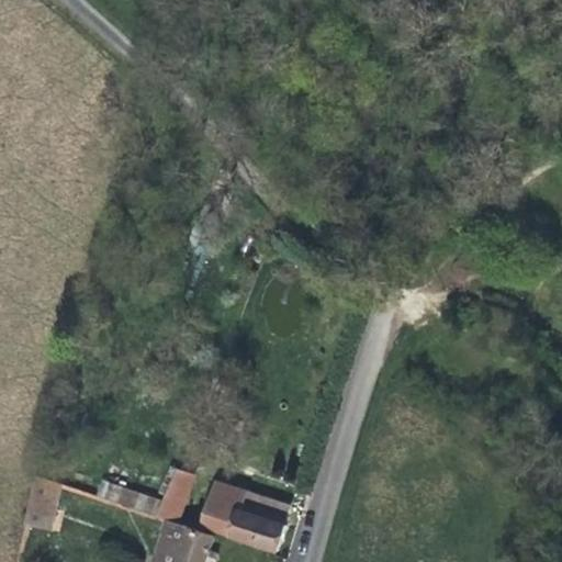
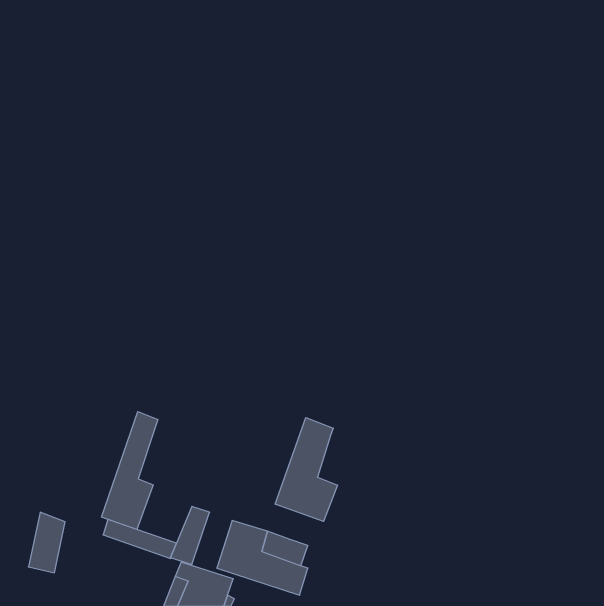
building: none -> [101,412,158,529]
building: none -> [275,418,337,521]

